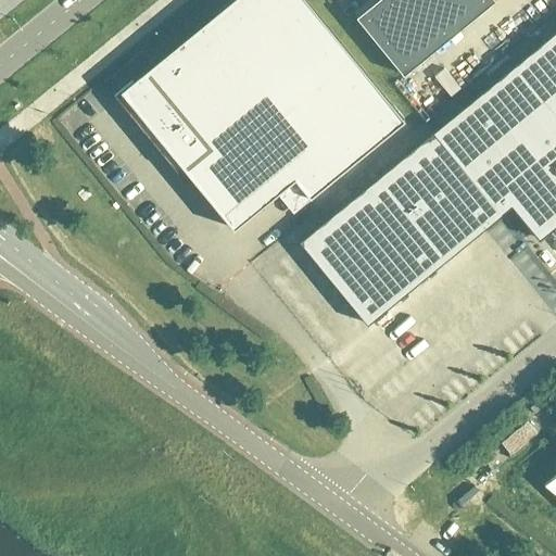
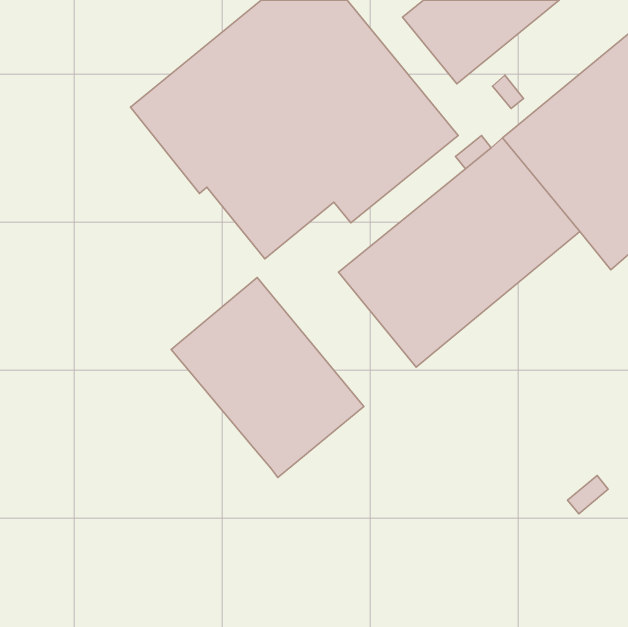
building: none -> [171,278,364,477]

